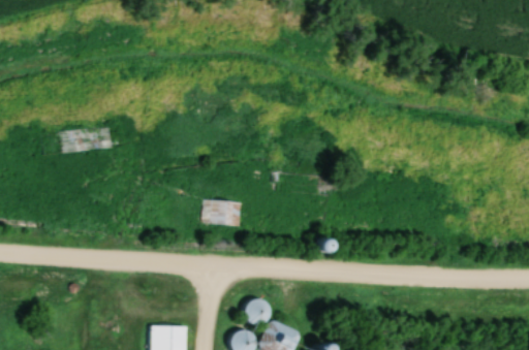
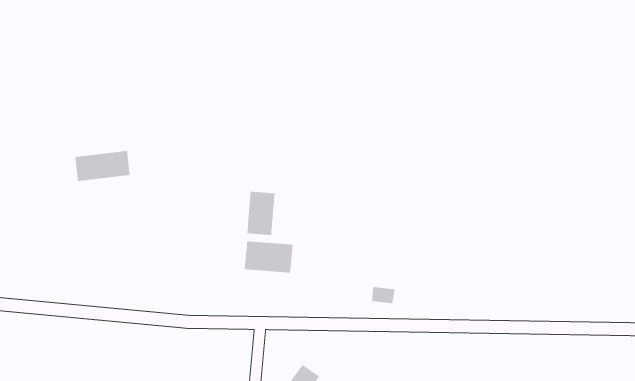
building: none -> [246,191,275,236]

